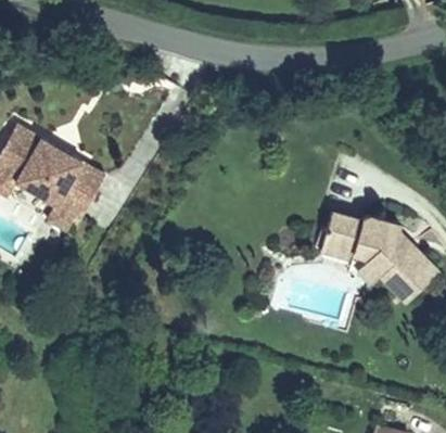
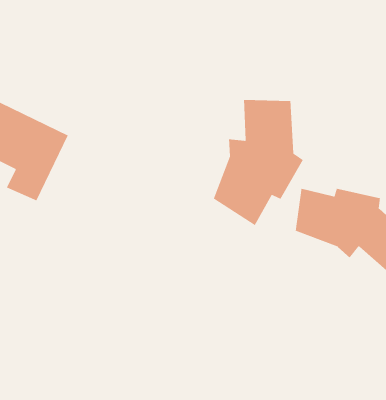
building: none -> [213,99,304,226]

